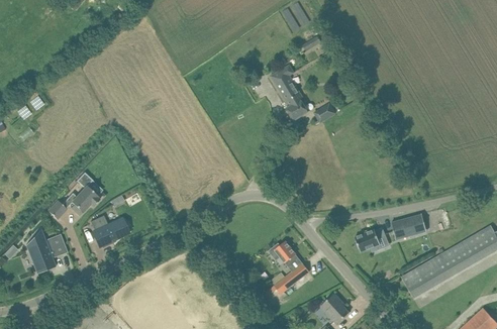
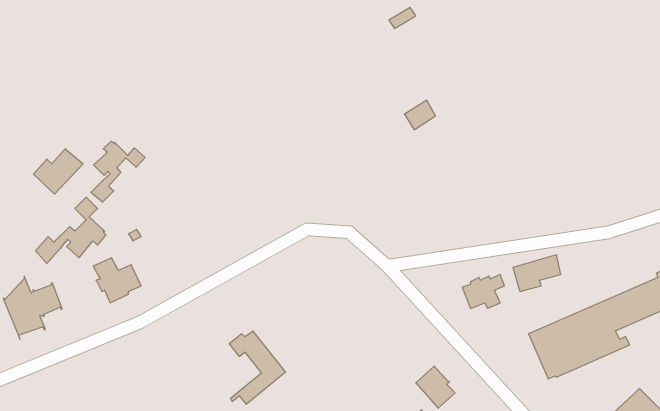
building: [270,64,308,119] -> none
building: none -> [91,141,145,202]
building: none -> [33,149,83,194]
building: [269,241,309,294] -> [229,331,286,404]

